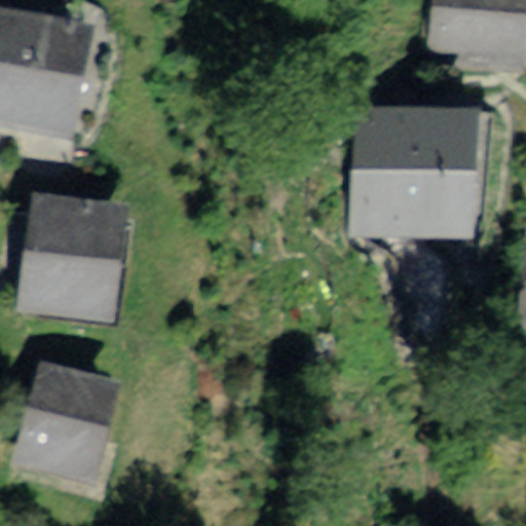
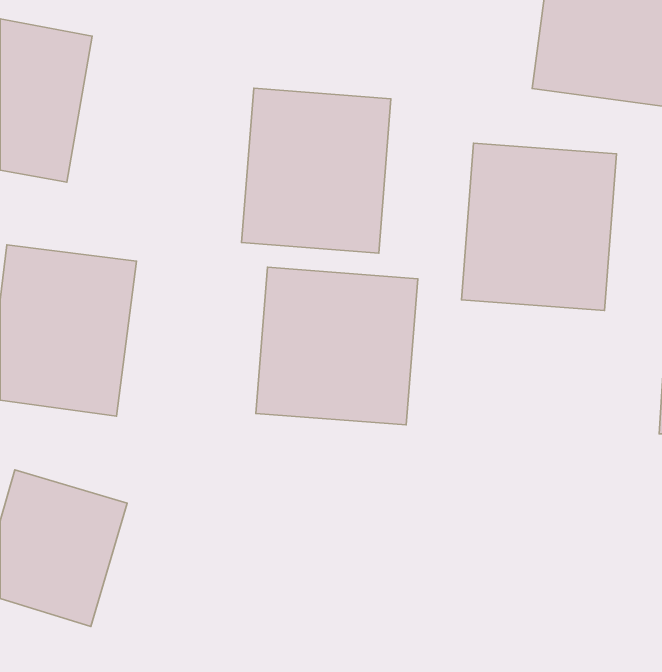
building: none -> [242,88,391,253]
building: none -> [256,267,418,425]

